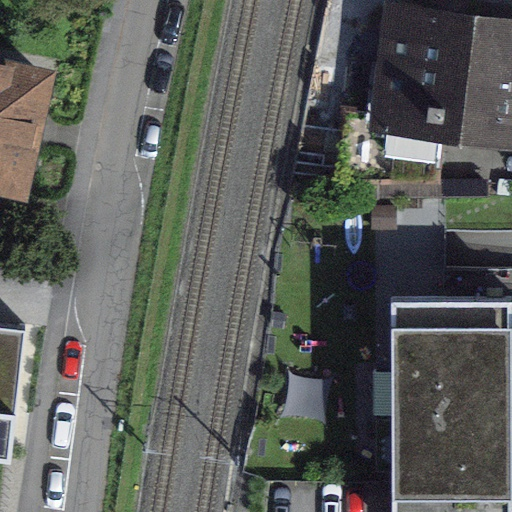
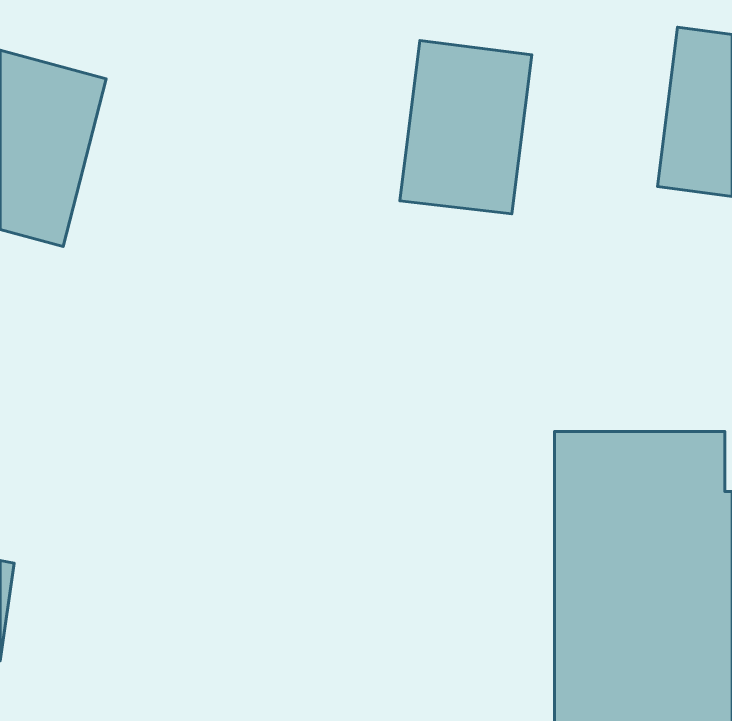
building: [381,17,473,138] -> [400,40,532,214]

